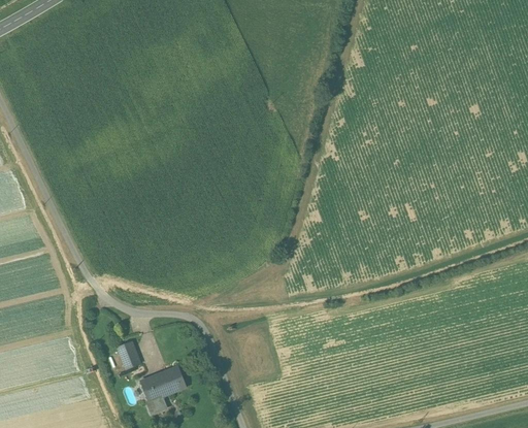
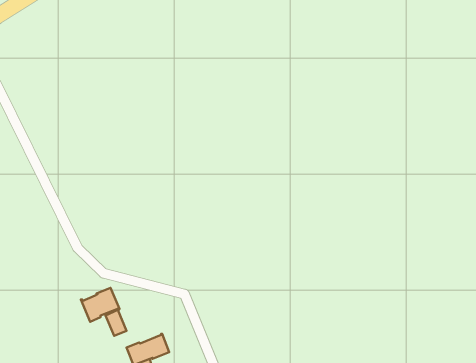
building: none -> [81,288,120,322]

